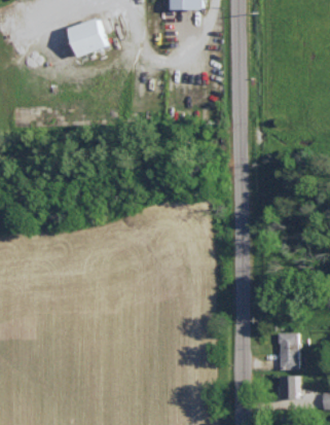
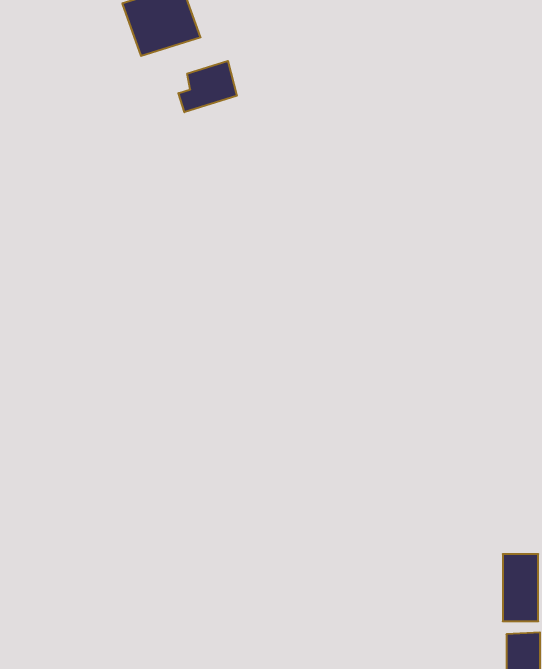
building: none -> [178,61,237,112]

